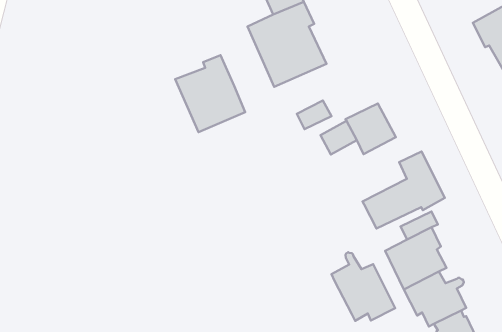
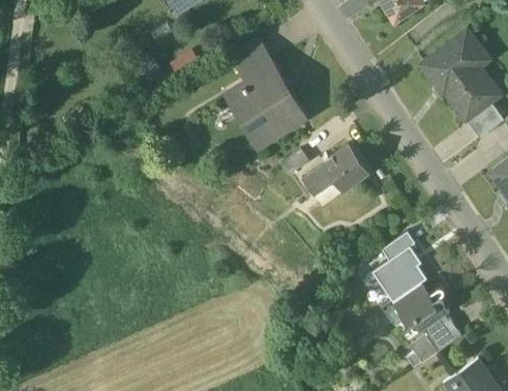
building: [175,55,245,132] -> none
building: [362,152,445,229] -> none
building: [331,252,395,321] -> none

